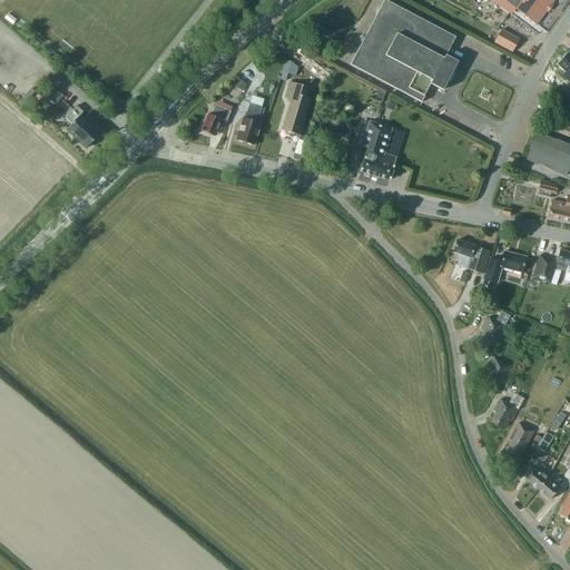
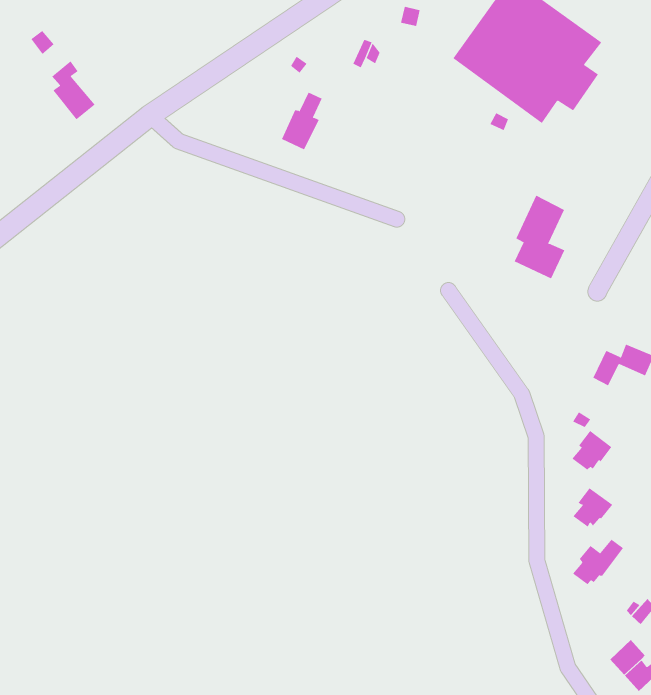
building: [282,80,311,135] -> none
building: [202,102,230,135] -> none
building: [360,119,396,178] -> [514,195,565,279]
building: [453,238,490,272] -> none
building: [505,421,534,455] -> none

